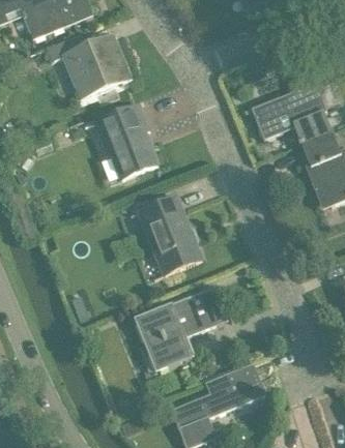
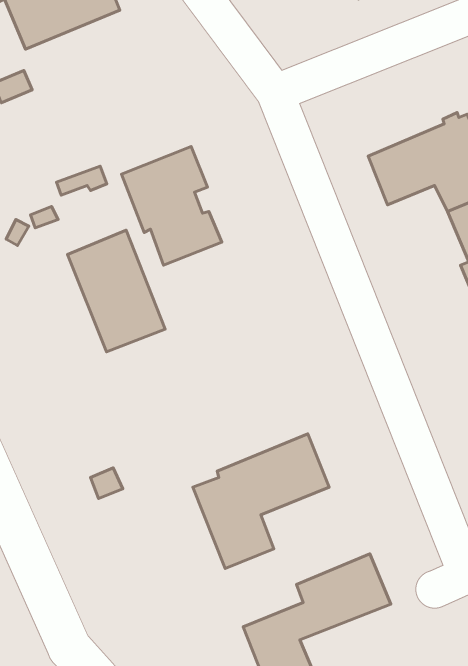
building: [46,35,127,98] -> none
building: [138,195,200,272] -> [68,230,165,352]

